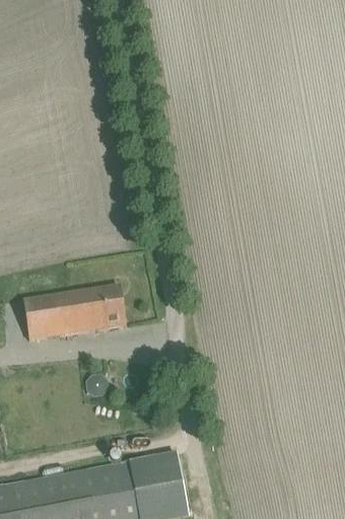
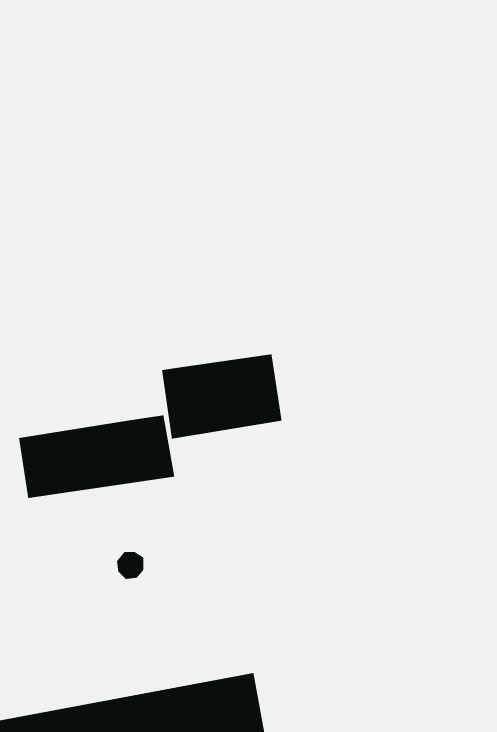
building: none -> [162,353,282,439]

